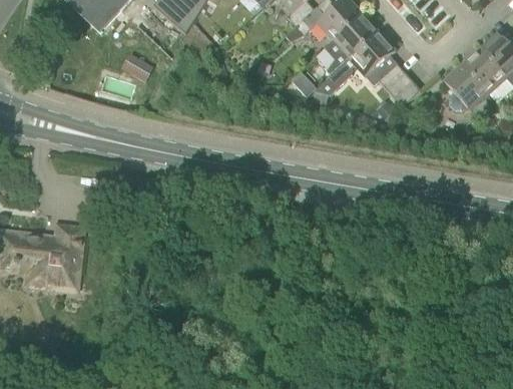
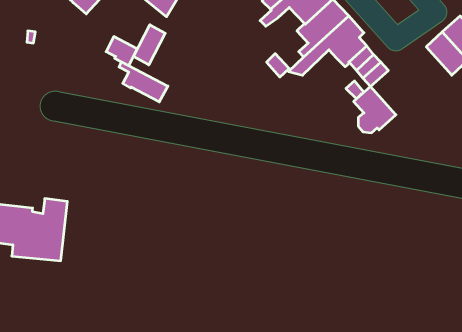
building: none -> [133,25,165,65]
building: [443,64,488,113] -> [354,87,396,133]
building: none -> [119,62,168,102]

